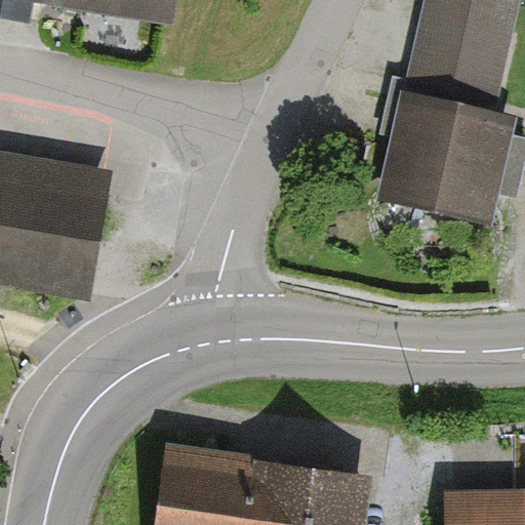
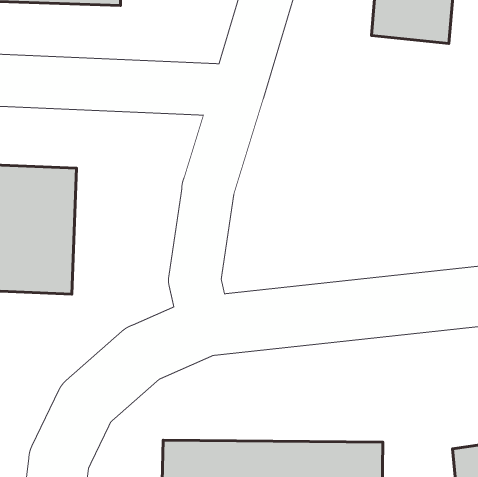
building: [386,103,506,215] -> none

